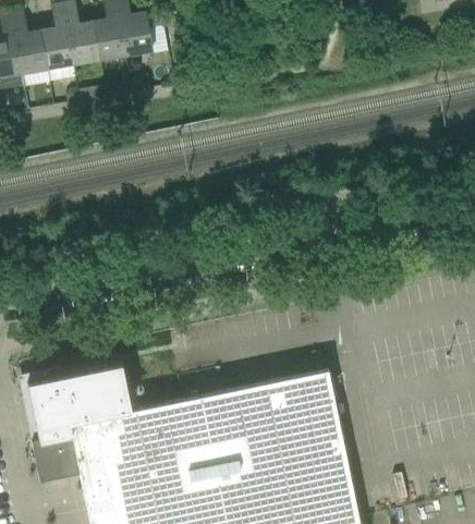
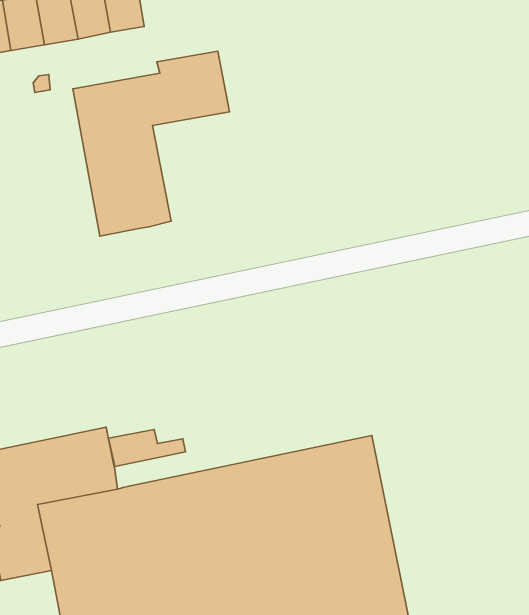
building: none -> [73,51,229,236]
building: none -> [109,429,185,467]

